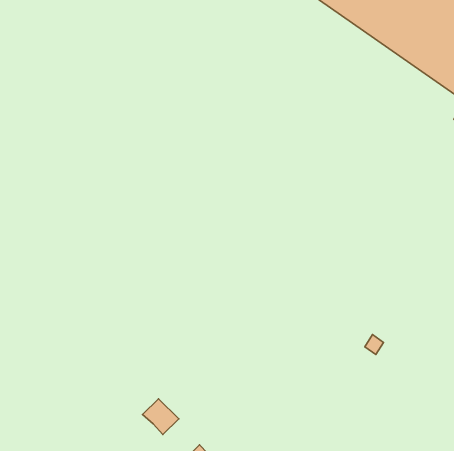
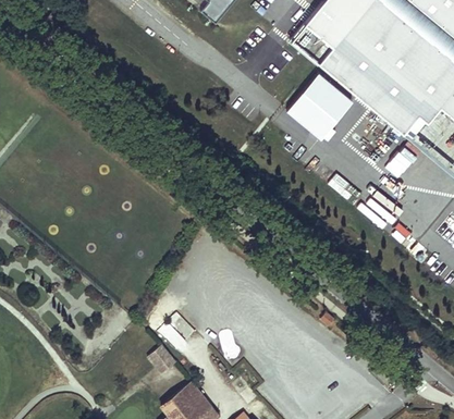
building: none -> [289,75,352,138]

